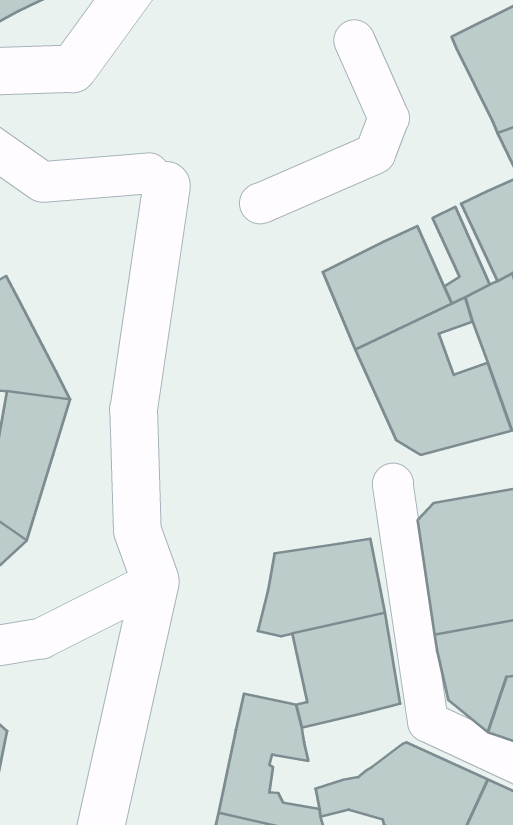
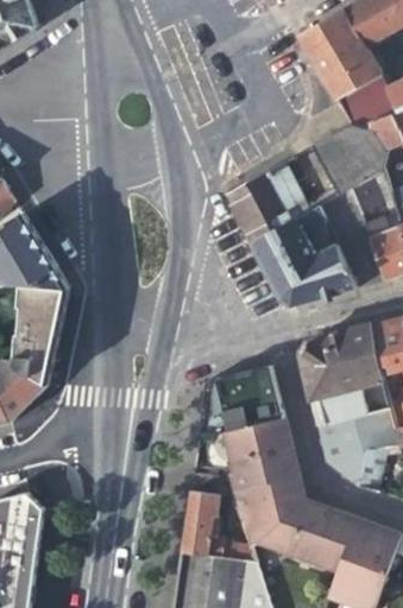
building: none -> [234,471,303,531]

